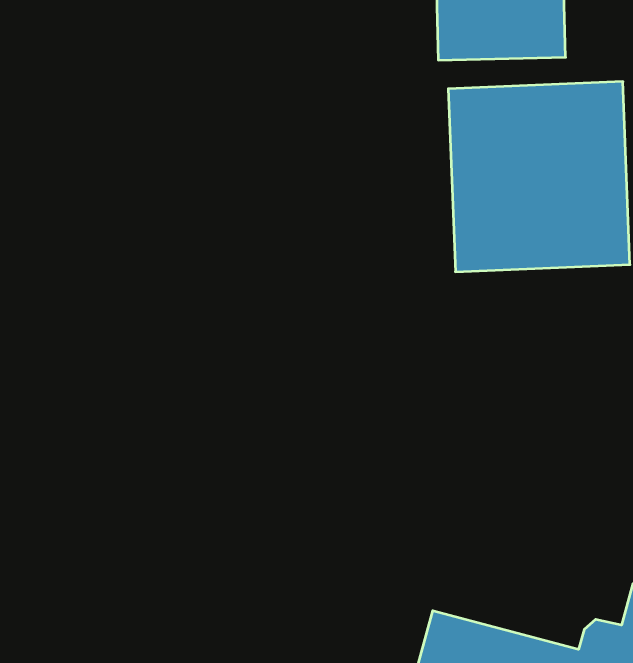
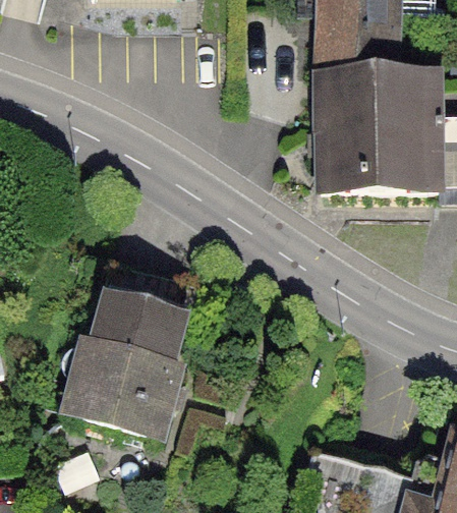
building: none -> [65,262,195,438]

